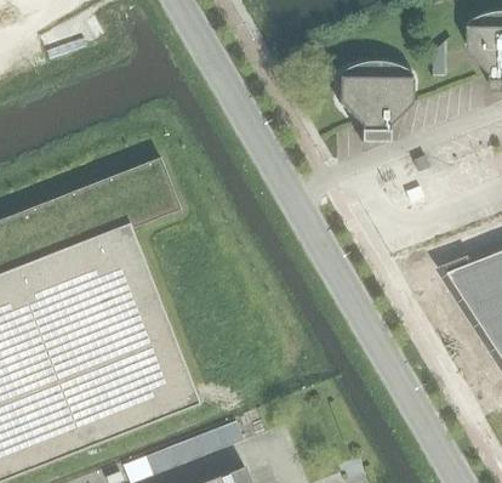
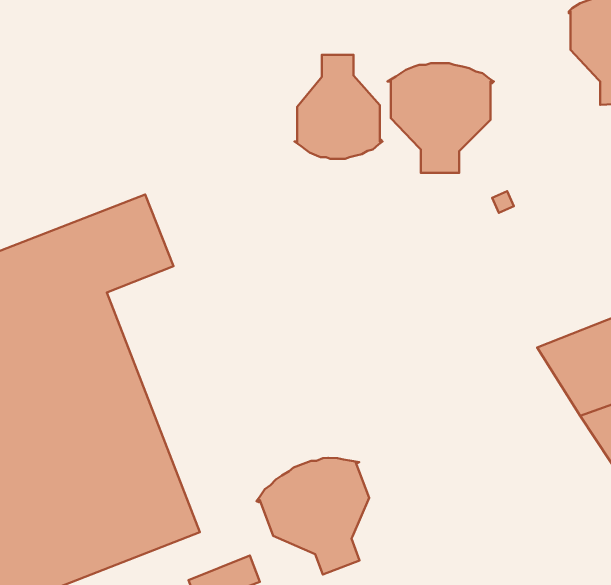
building: none -> [294,55,382,159]
building: none -> [257,458,369,574]

